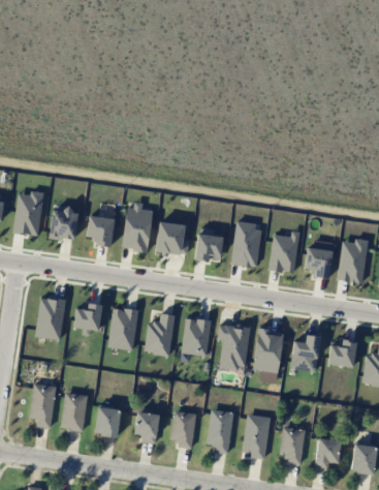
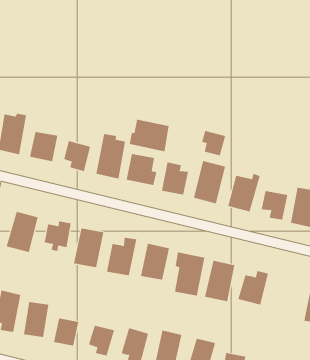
building: none -> [129,119,169,152]
building: none -> [202,130,226,156]
building: [327,339,356,367] -> none

